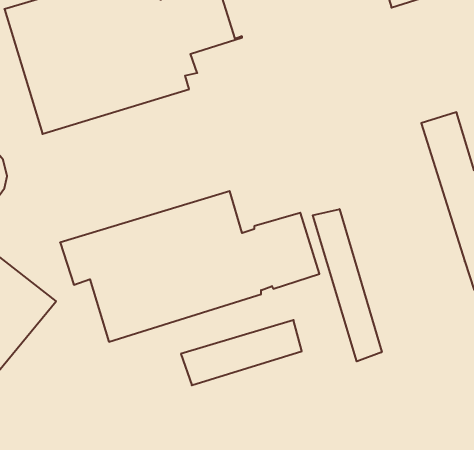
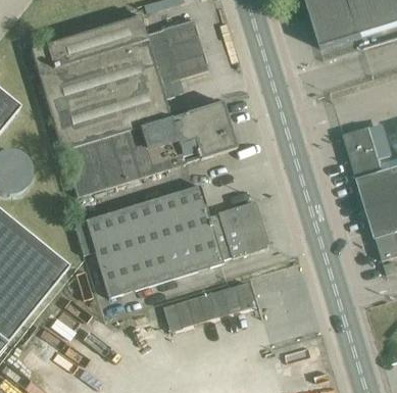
building: none -> [59,99,237,196]
building: [313,209,382,361] -> none

